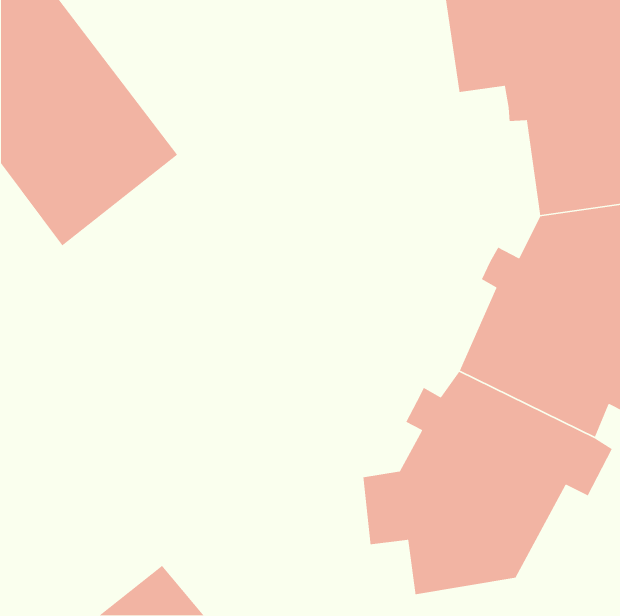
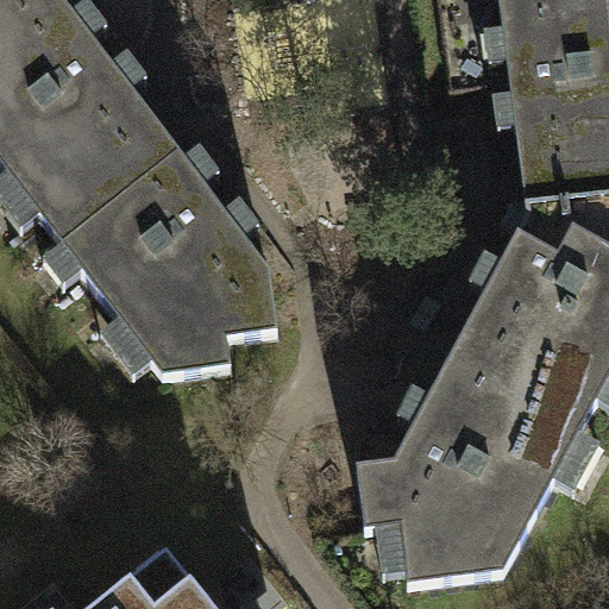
building: none -> [64,151,280,377]

